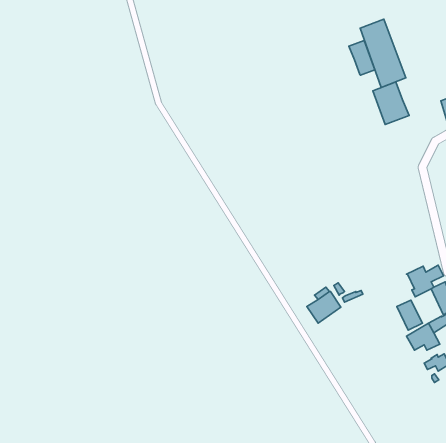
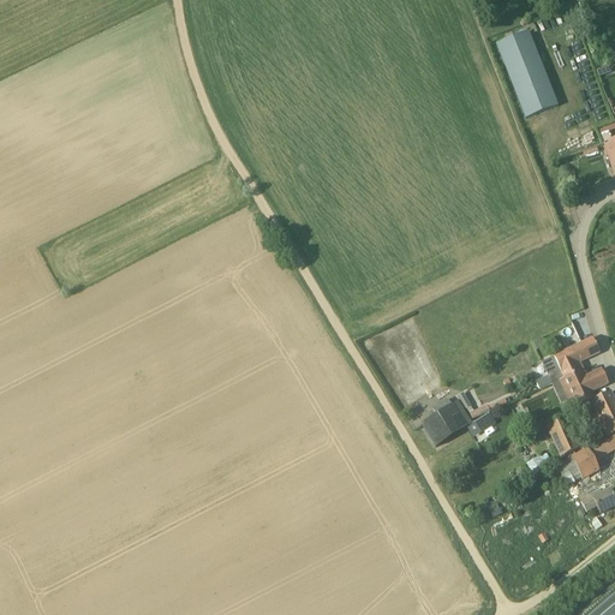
building: [349,40,375,75] -> none
building: [373,82,409,125] -> none
building: none -> [538,334,602,384]

